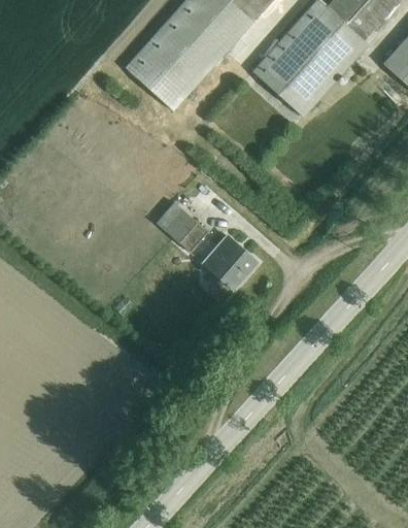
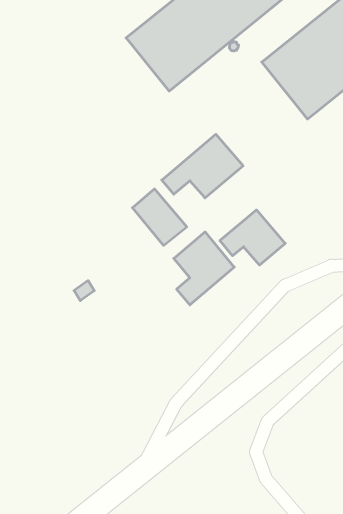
building: none -> [162,134,243,198]
building: none -> [220,210,285,265]

